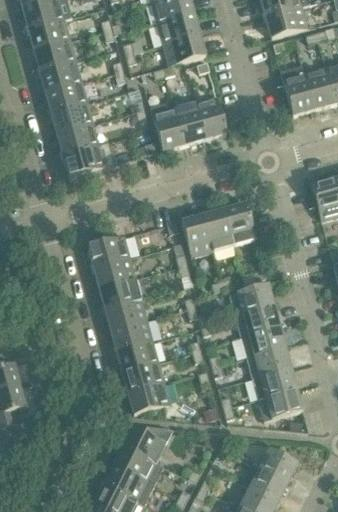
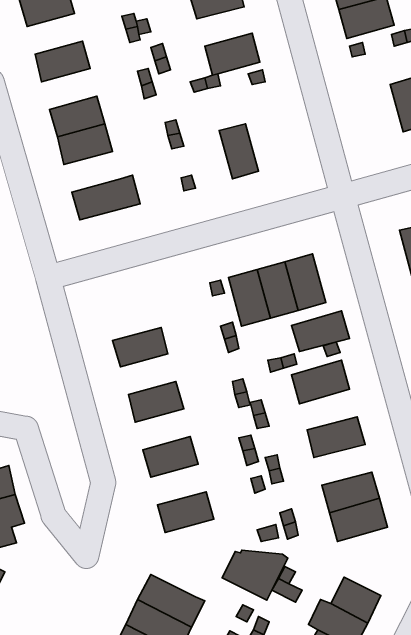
building: [158,14,200,44] -> none
building: [29,19,71,50] -> none
building: [40,61,82,92] -> none
building: [281,65,315,115] -> none
building: [195,97,227,139] -> none
building: [151,101,185,151] -> none
building: [57,124,100,155] -> none
building: [88,236,131,268] -> none
building: [100,278,142,309] -> none
building: [236,305,280,336] -> [291,311,349,352]
building: [111,320,153,351] -> none
building: [247,347,291,378] -> none
building: [123,362,165,393] -> none
building: [123,425,173,463] -> [222,550,288,600]

